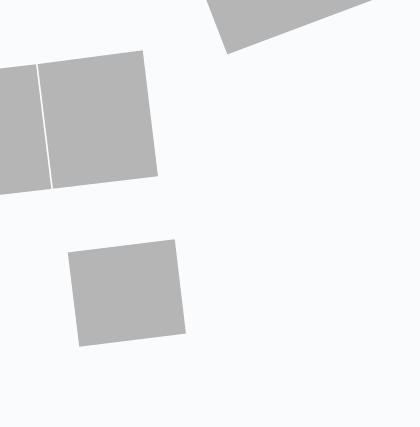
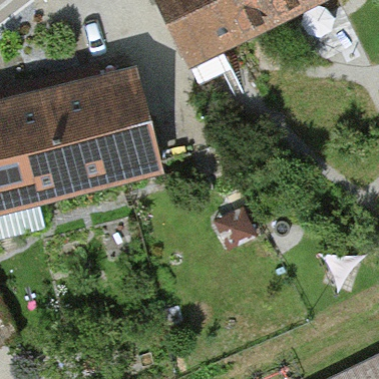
building: [67,238,187,347] -> none

